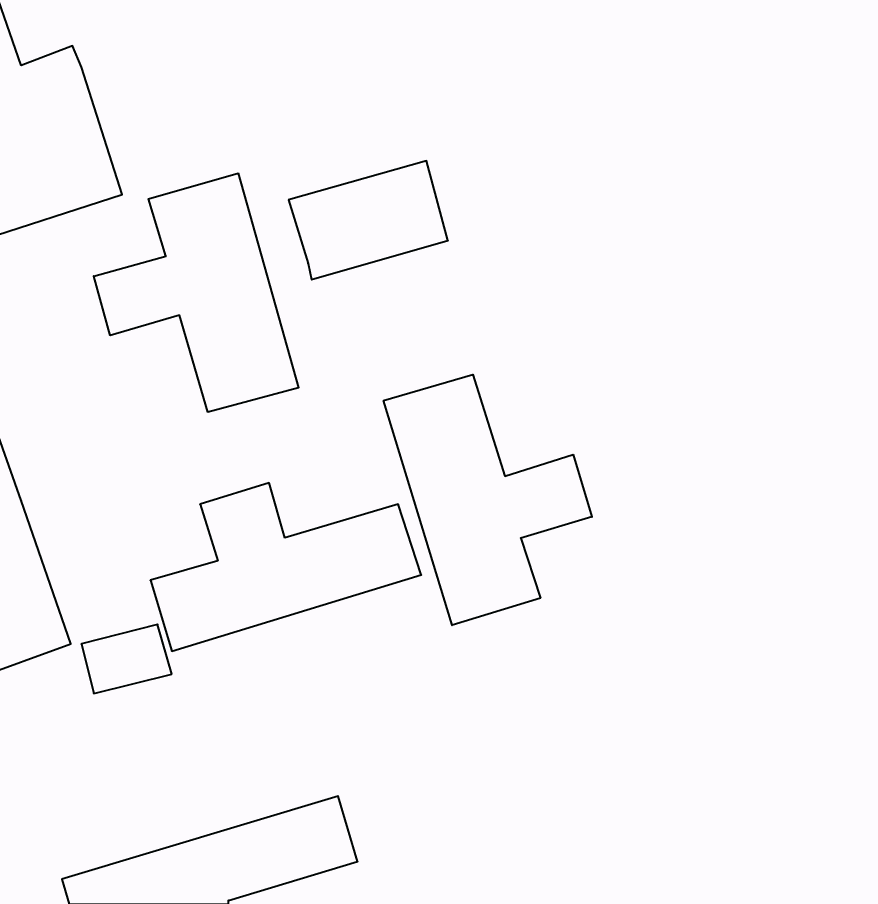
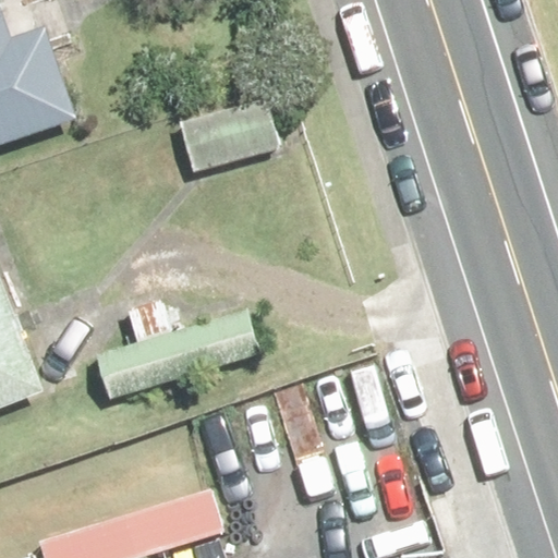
building: [94,173,299,412] -> none
building: [384,375,592,625] -> none

